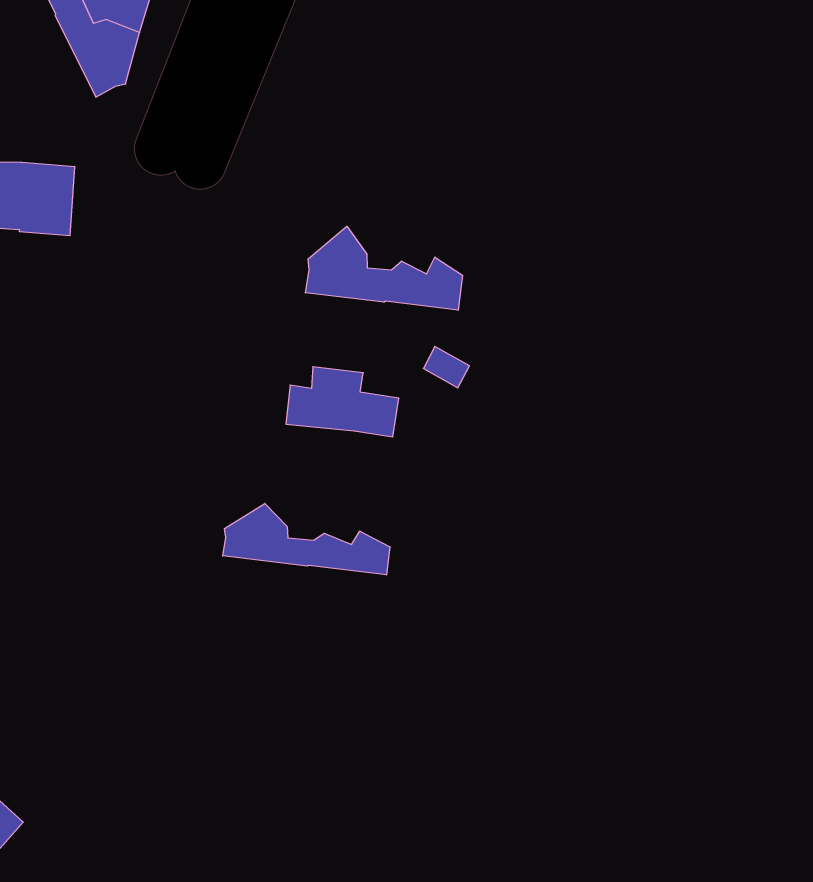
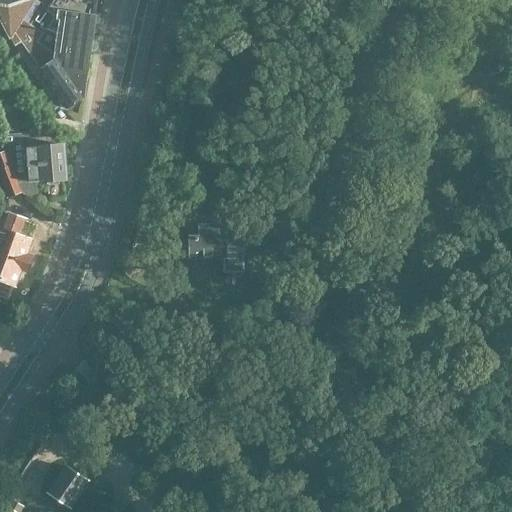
building: [305,226,463,310] -> none
building: [223,503,390,575] -> none

